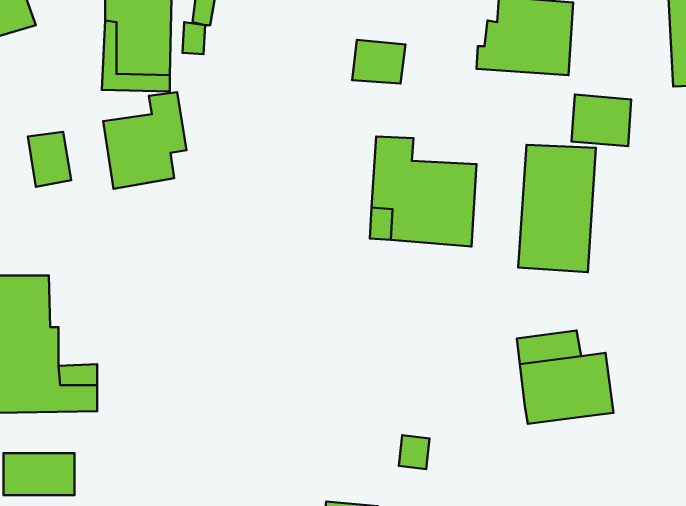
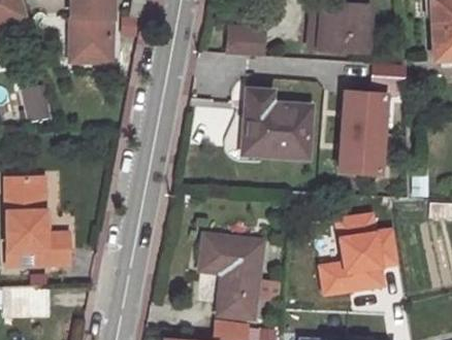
building: [103,92,186,189] -> none
building: none -> [200,235,264,318]
building: none -> [321,262,385,295]

